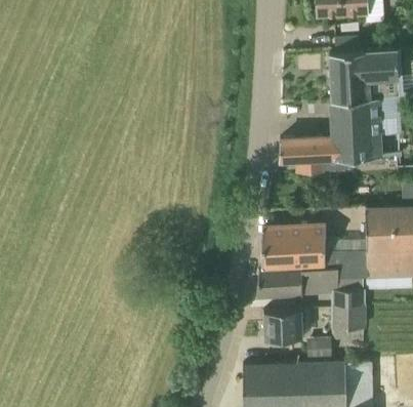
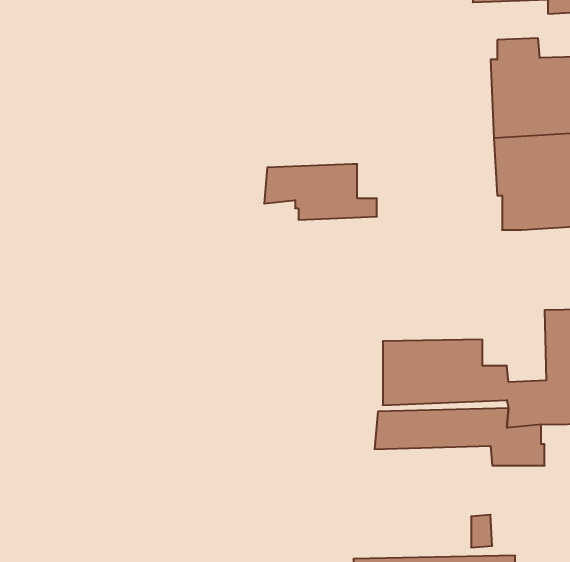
building: [279,137,349,172] -> [264,164,377,220]
building: [331,307,365,343] -> none
building: [264,311,306,339] -> none

